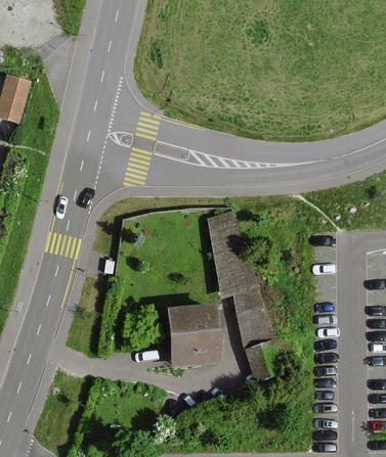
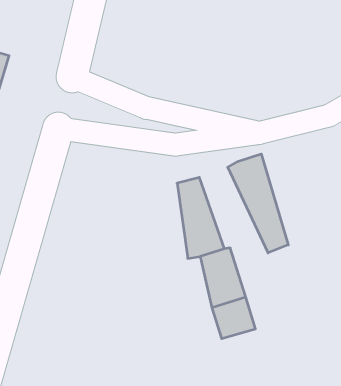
building: none -> [228,154,288,253]
building: [166,304,220,367] -> none

